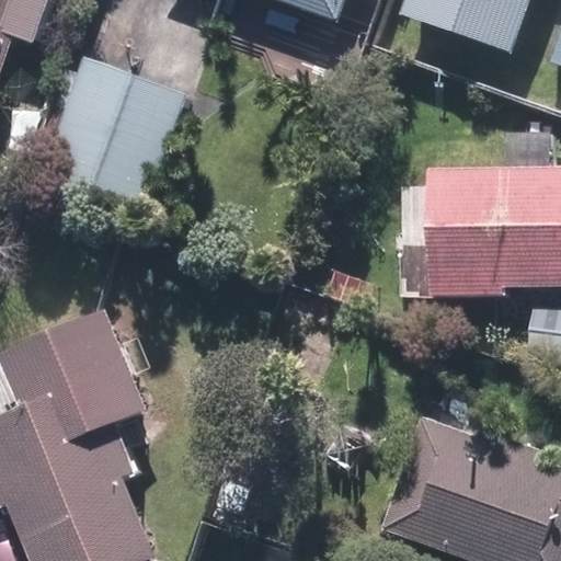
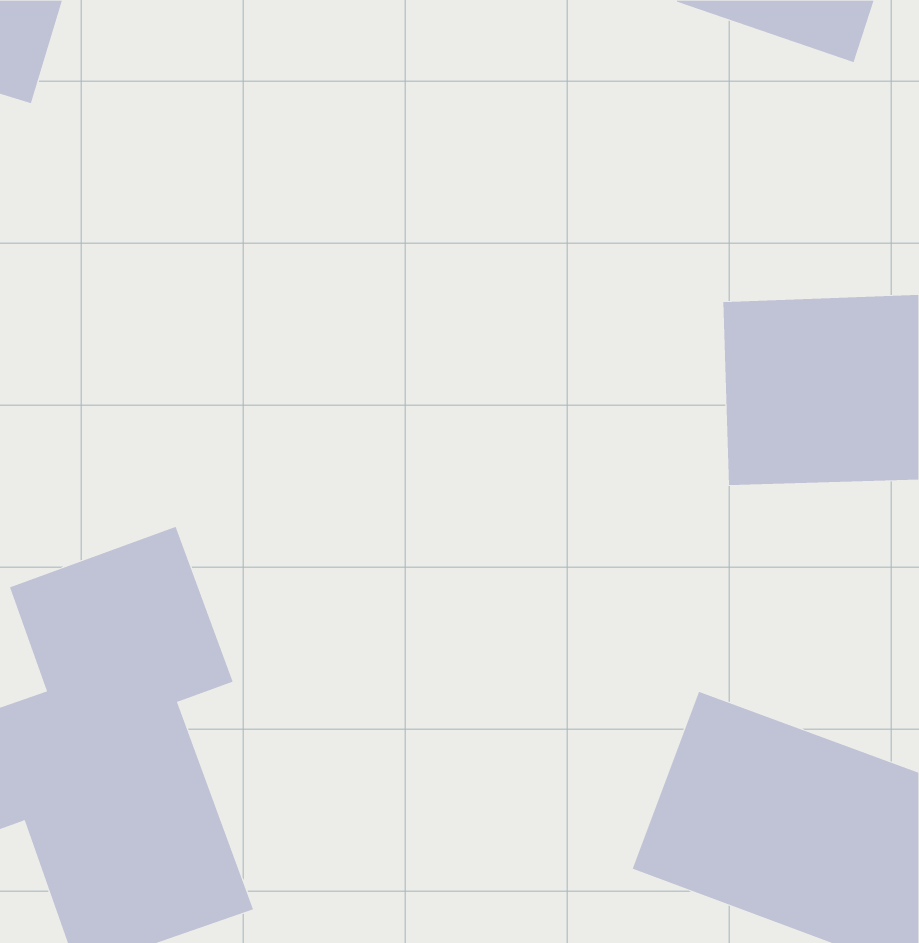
building: [50,65,184,199] -> none

